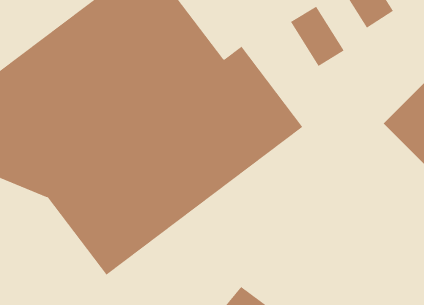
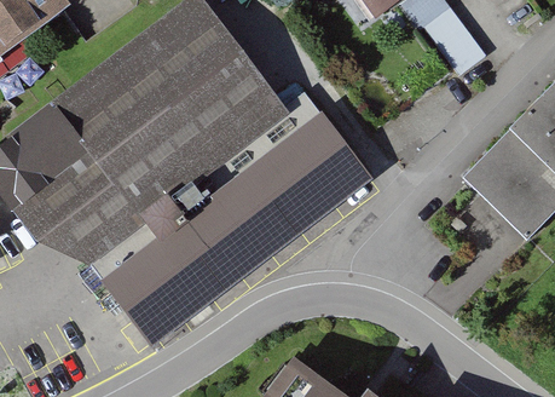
building: [290,6,345,67] -> none

